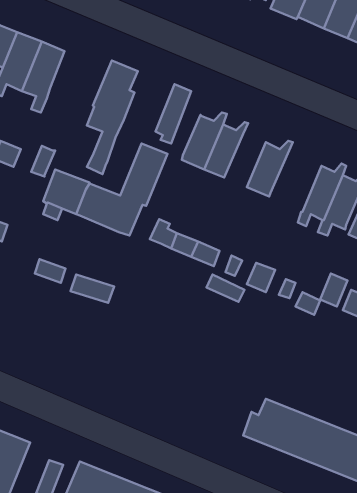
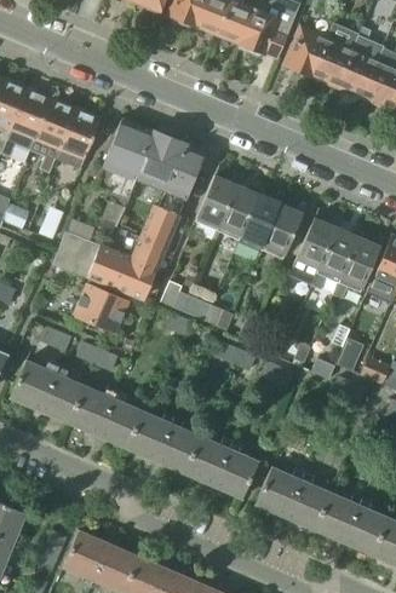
building: none -> [54,111,98,169]
building: none -> [133,132,185,194]
building: none -> [235,194,283,257]
building: none -> [288,218,339,287]
building: none -> [73,280,128,333]
building: none -> [15,359,272,497]

